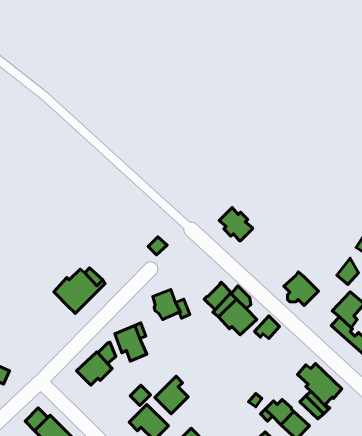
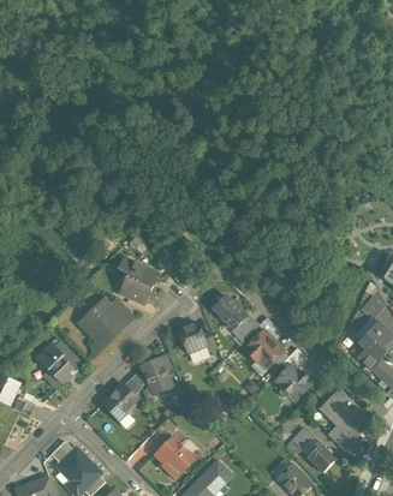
building: [219,207,252,241] -> [213,295,246,329]
building: none -> [119,259,156,304]
building: [284,272,318,305] -> [275,366,310,400]
building: none -> [40,342,82,384]
building: [155,376,188,414] -> none

